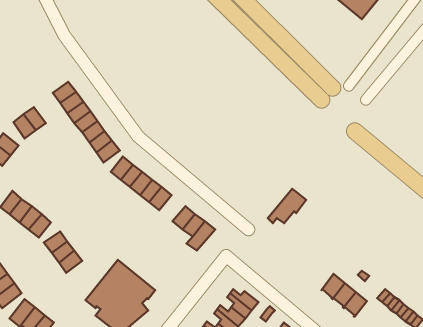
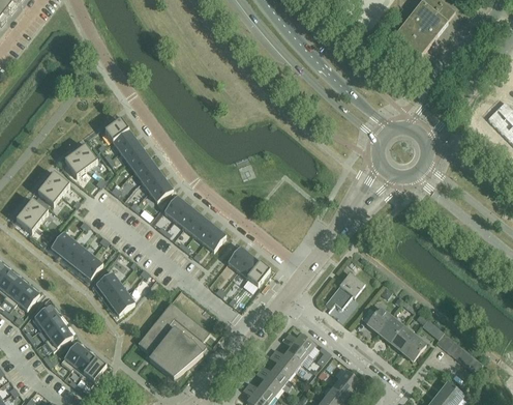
building: [268,189,306,223] -> [325,272,364,308]
building: none -> [361,307,391,332]

